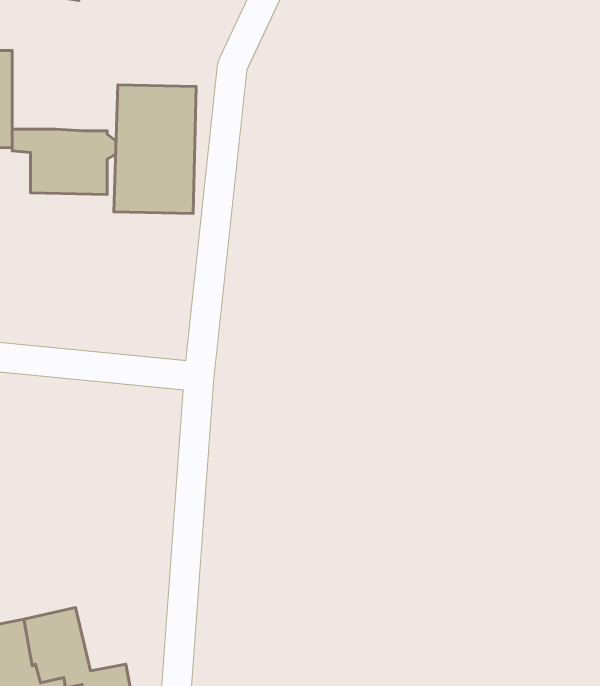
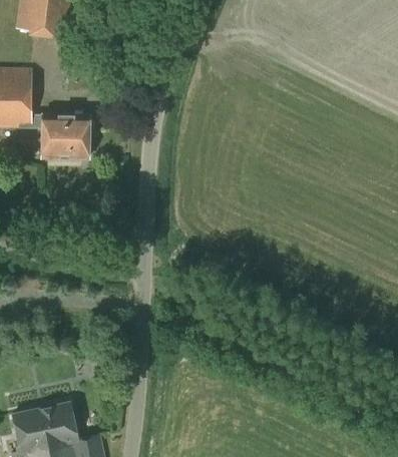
building: [114,85,196,213] -> none

